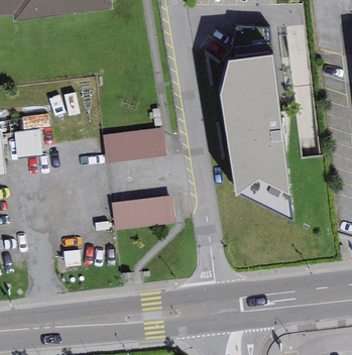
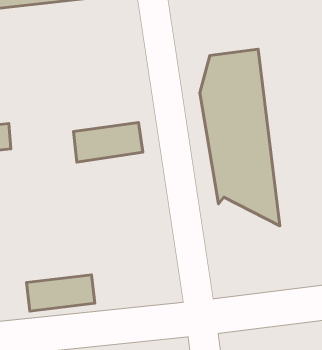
building: [112,195,174,228] -> [27,275,95,311]

